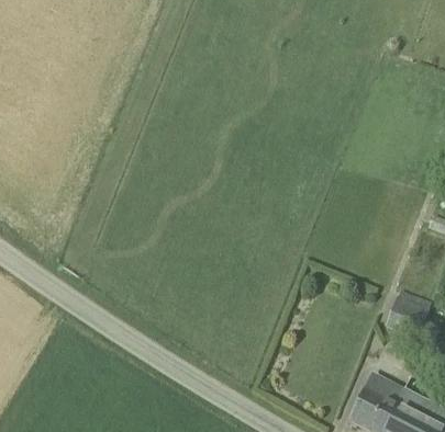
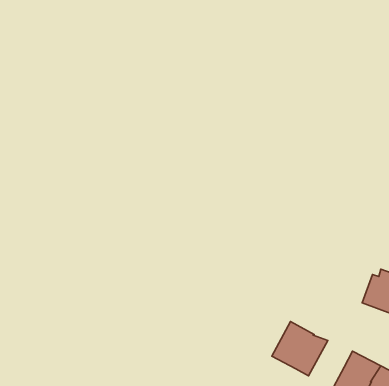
building: none -> [272,322,328,376]

